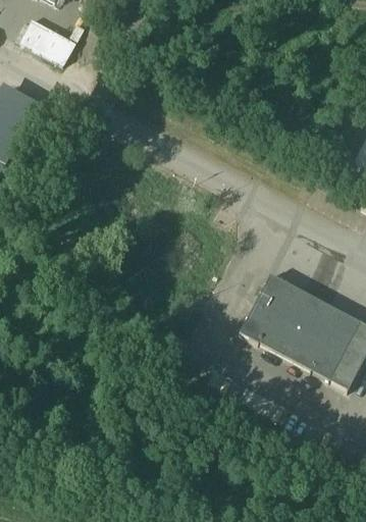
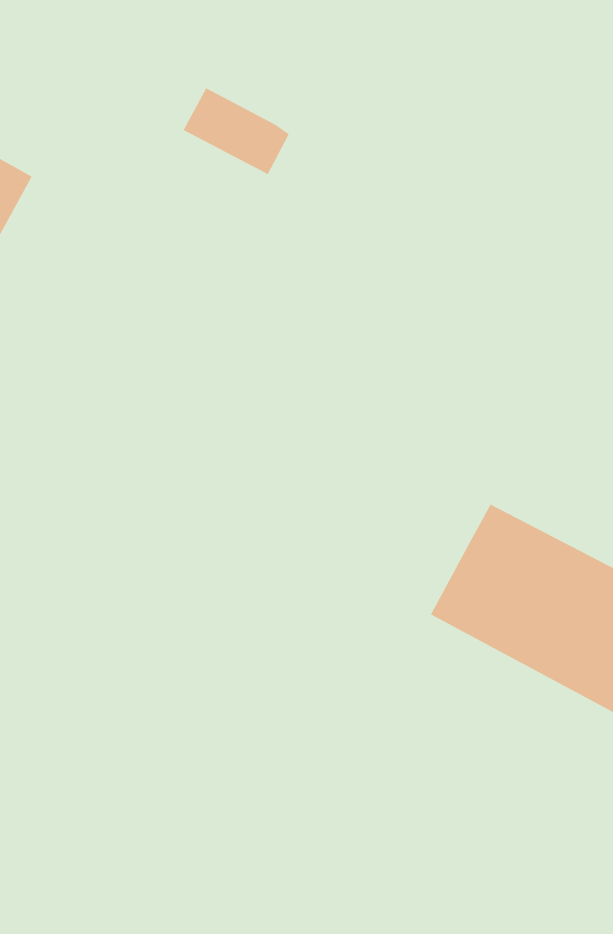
building: [21,16,77,62] -> [183,88,289,175]

